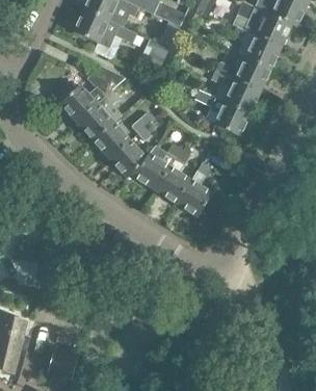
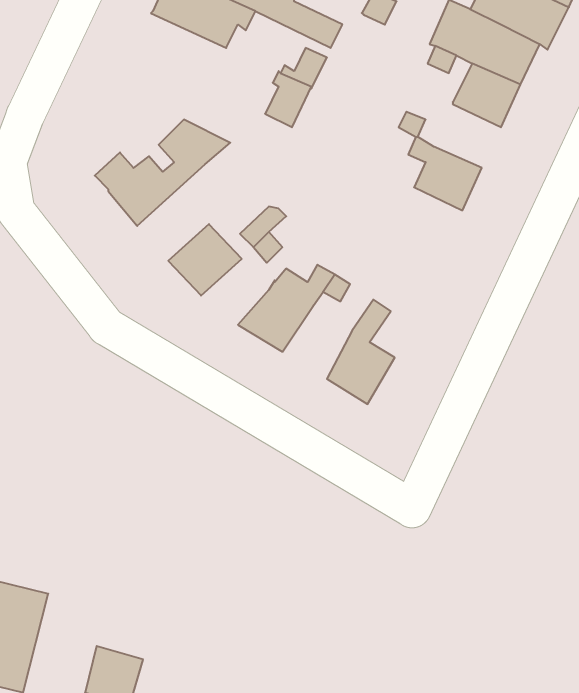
building: [73,7,136,47] -> none
building: [234,56,270,90] -> none
building: [75,88,122,140] -> none
building: [193,88,249,136] -> none
building: [109,139,146,178] -> none
building: [153,164,190,204] -> none

